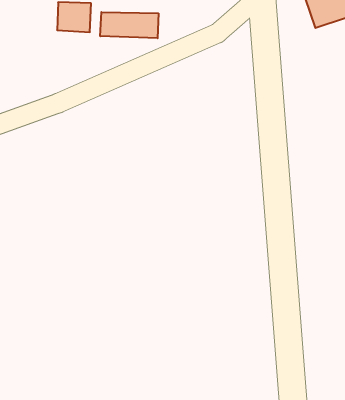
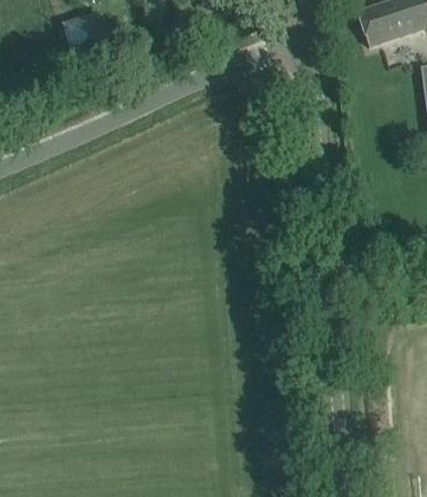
building: [100,12,158,38] -> none

